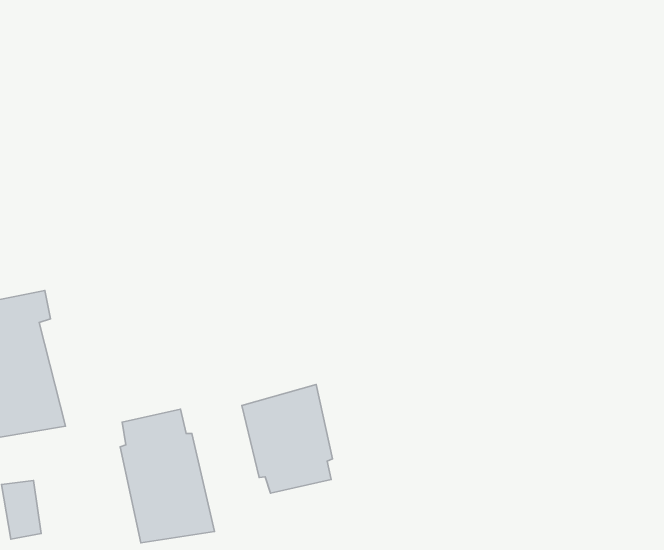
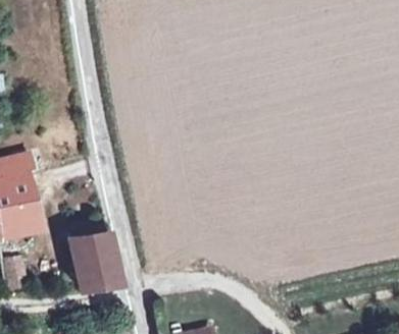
building: [242,385,332,493] -> none

